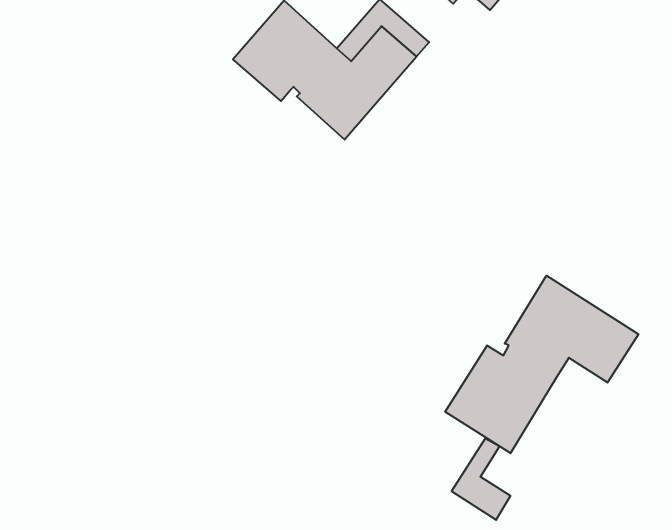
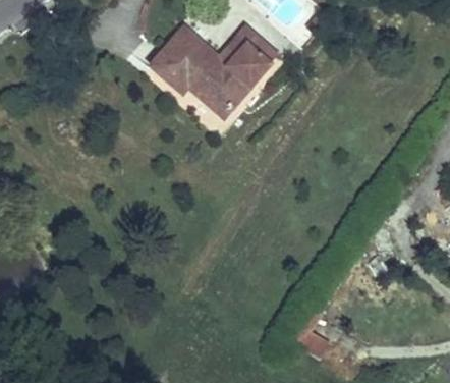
building: [445,276,638,453] -> none

